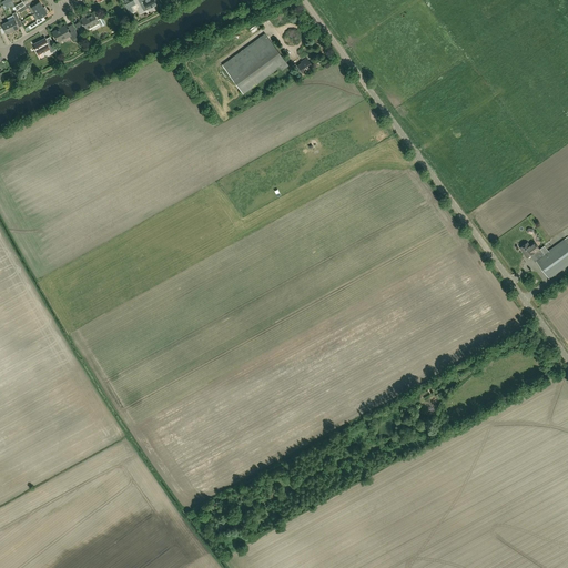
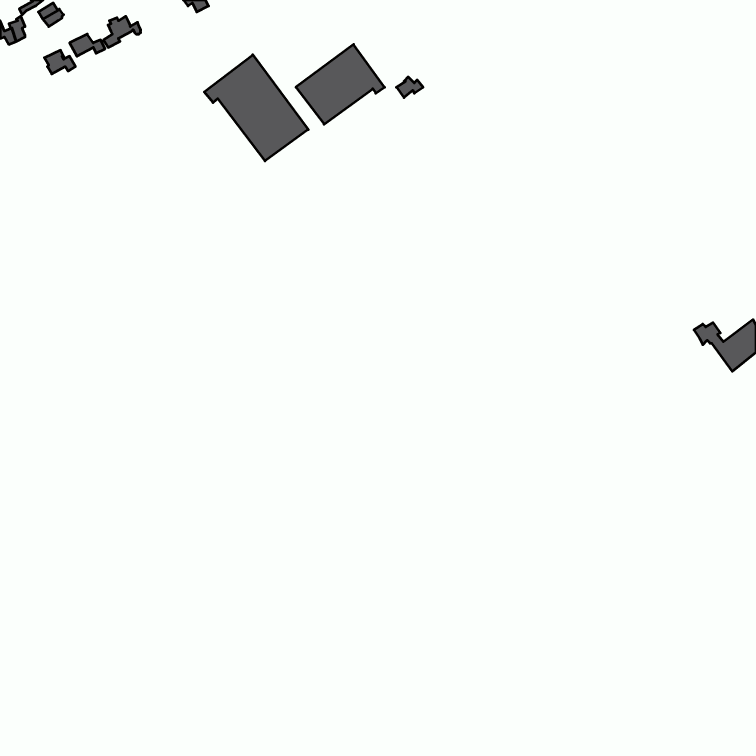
building: none -> [204,55,308,161]

